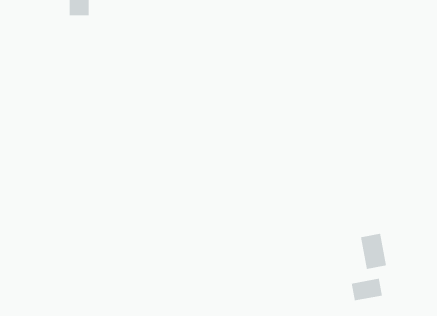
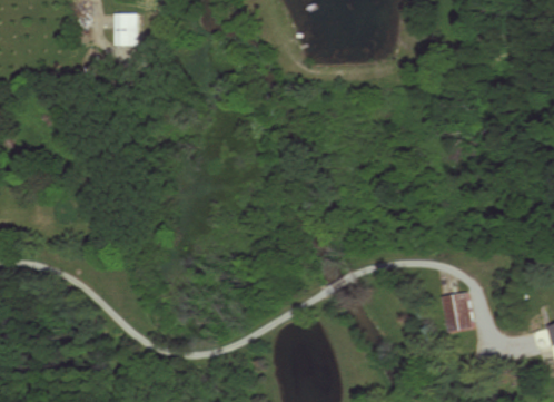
building: [351,278,382,301] -> none

